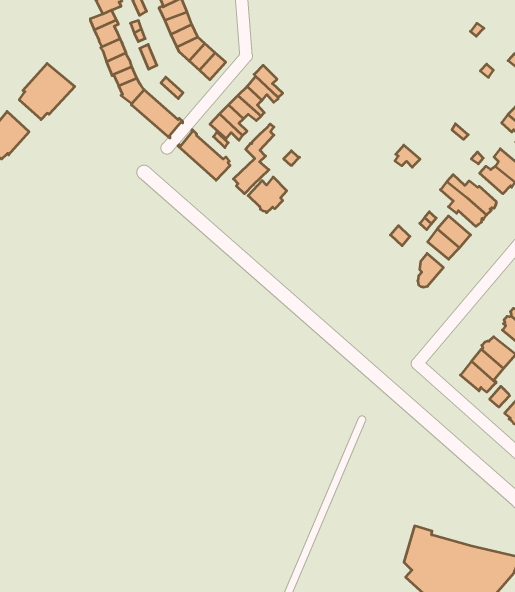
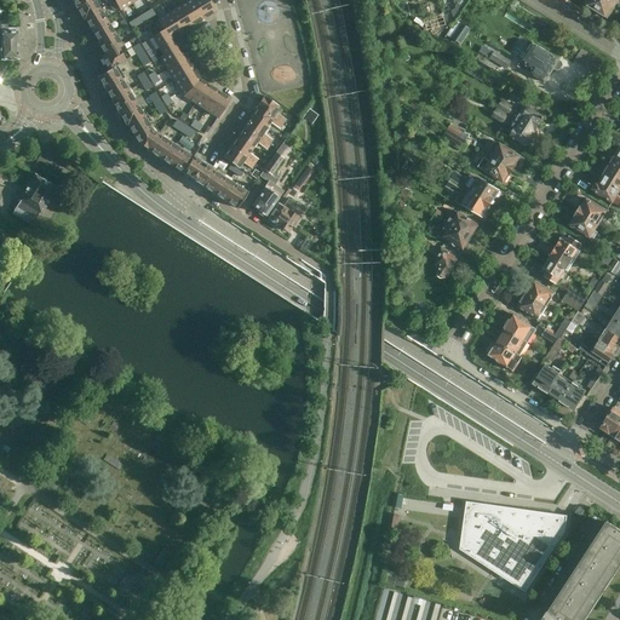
building: [19,63,75,120] -> none

